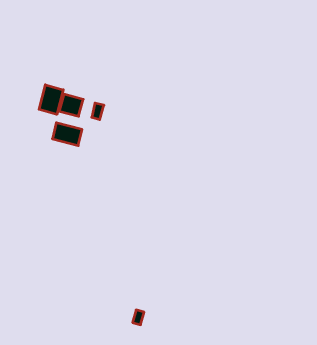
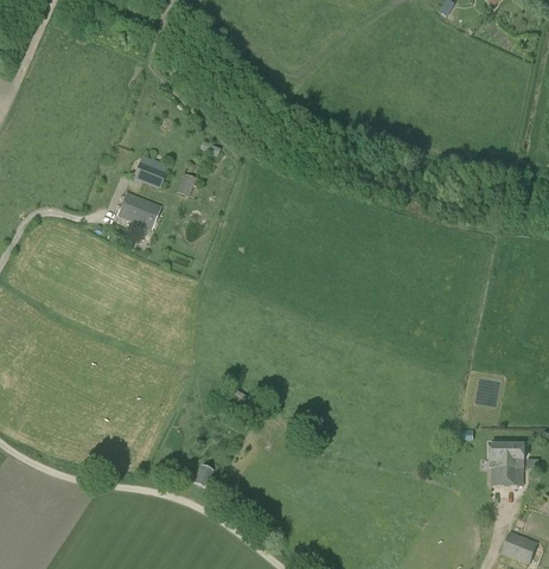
building: [39,85,63,114] -> none

